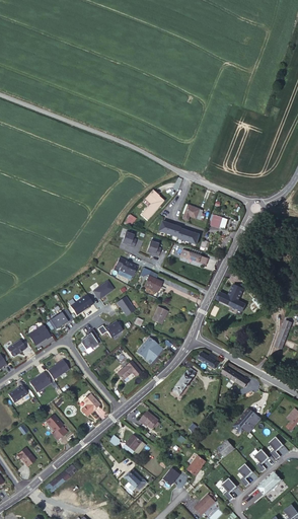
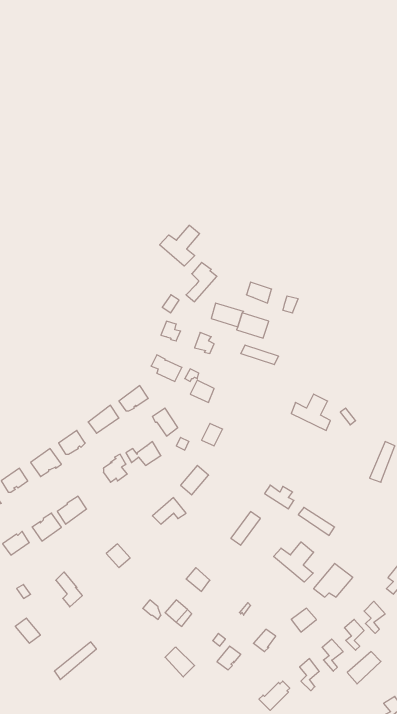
building: none -> [160,225,200,266]
building: none -> [274,542,314,582]

